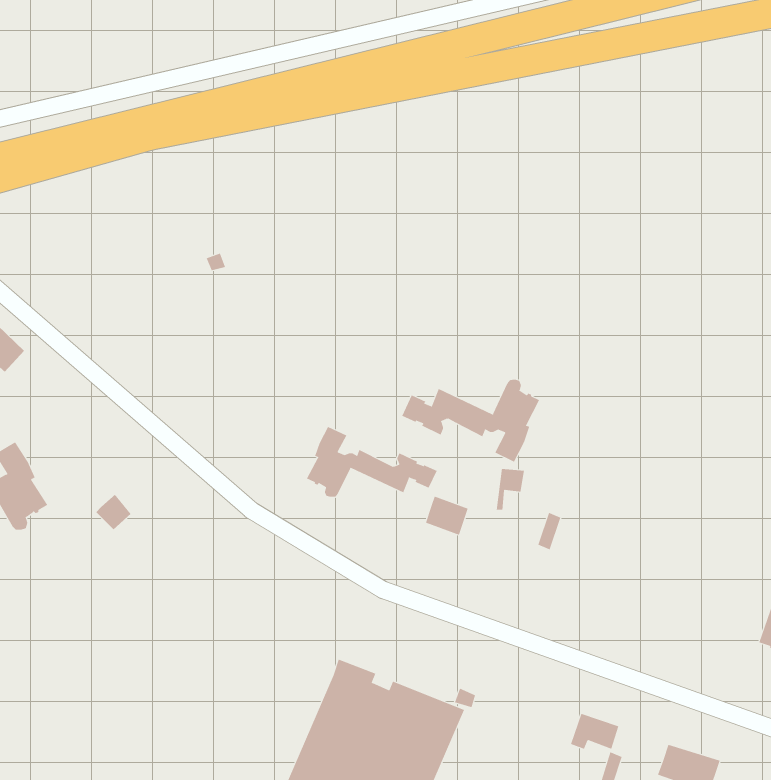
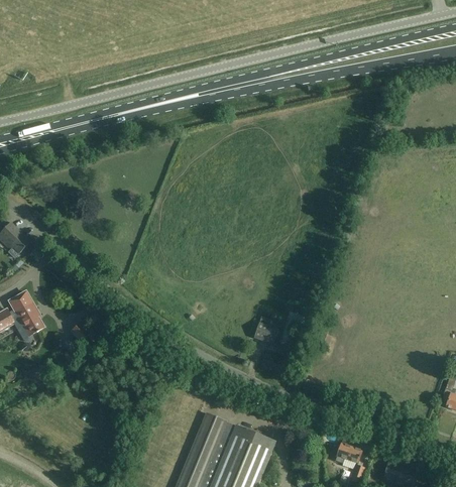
building: [402,379,540,462] -> none
building: [306,426,437,498] -> none

